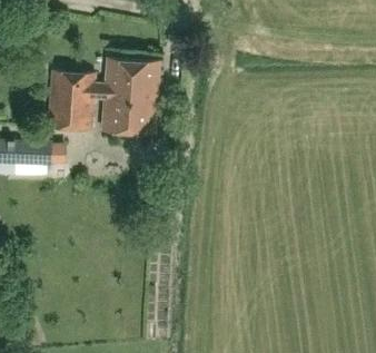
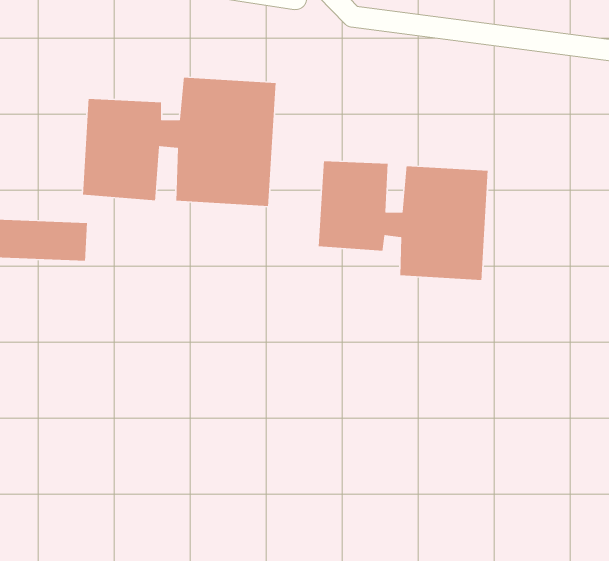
building: none -> [318,161,488,281]

